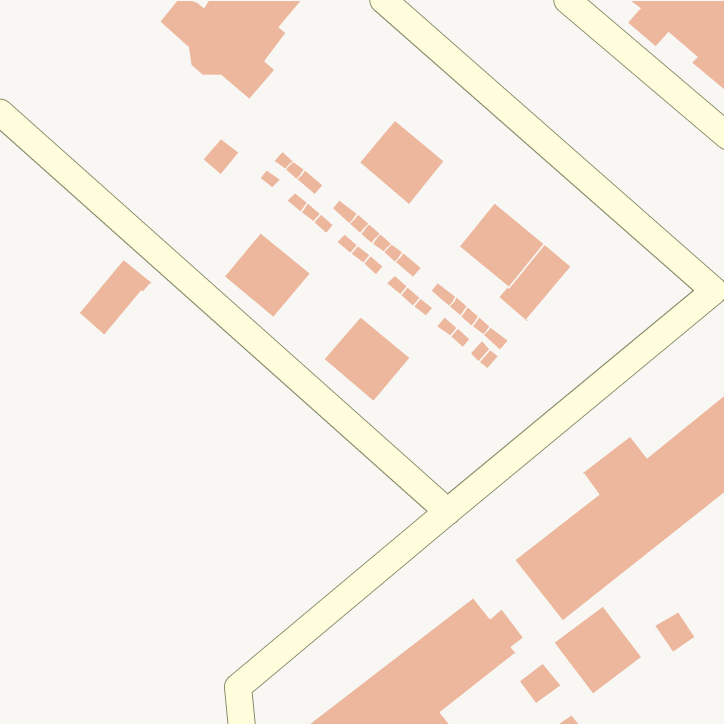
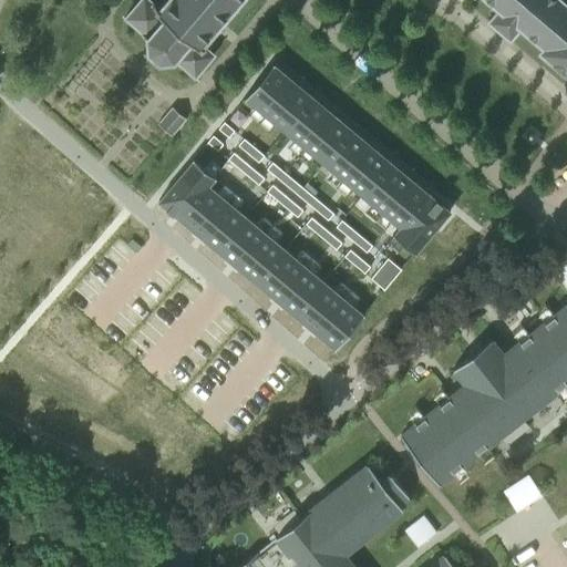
building: none -> [241,62,310,130]
building: none -> [321,128,388,195]
building: [79,259,153,335] -> [157,158,215,218]
building: none -> [216,216,284,282]
building: none -> [293,281,362,349]
building: [553,605,642,694] -> none

